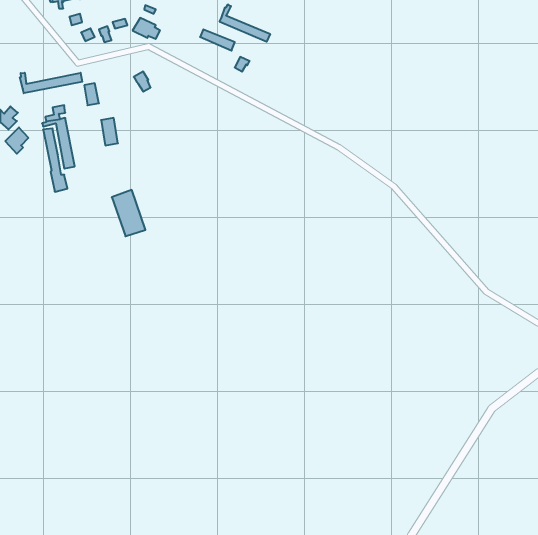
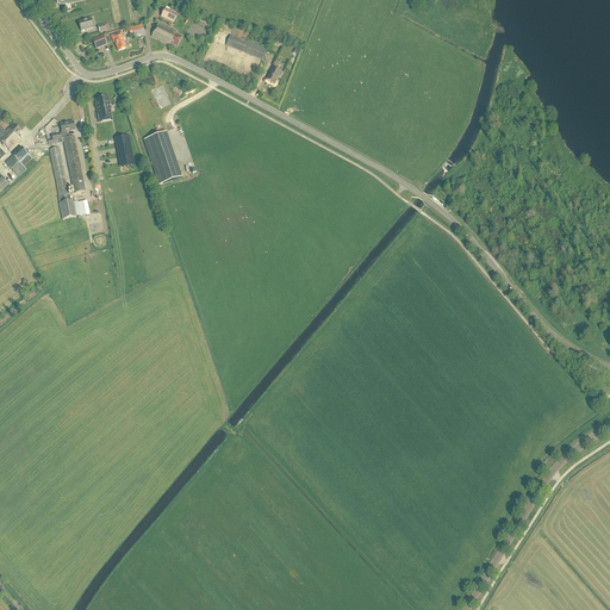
building: [220,4,270,42] -> none
building: [20,73,82,93] -> none
building: [112,190,145,236] -> [143,130,181,182]

